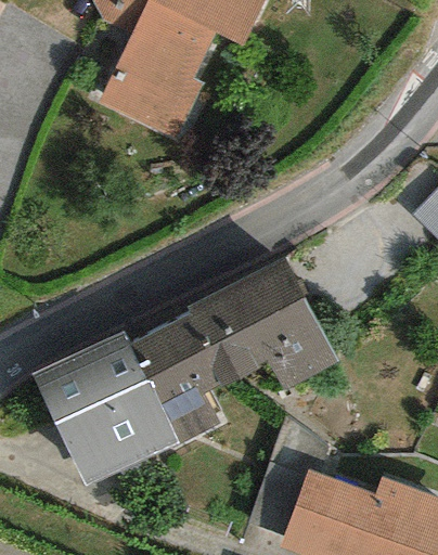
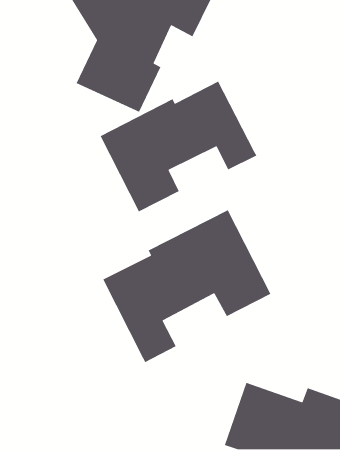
building: none -> [99,80,257,212]
building: [31,330,180,487] -> none

